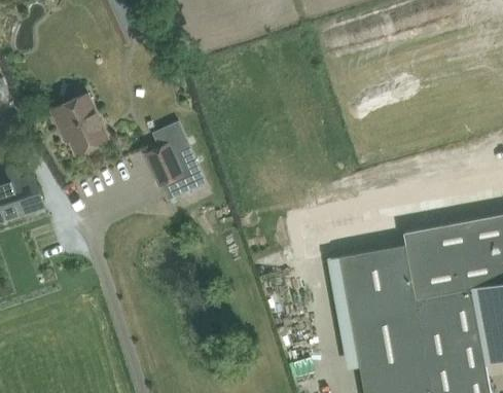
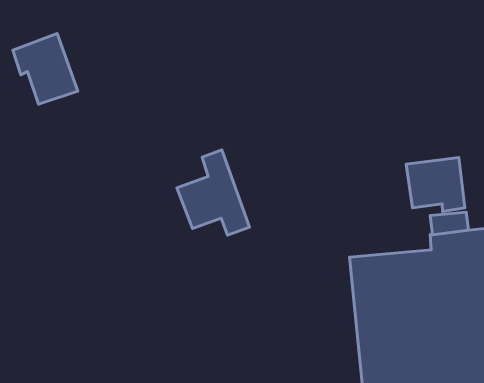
building: [145,123,207,192] -> [177,150,250,235]
building: none -> [406,157,465,212]

